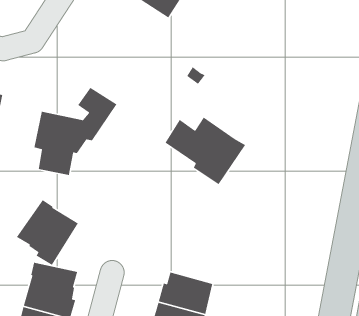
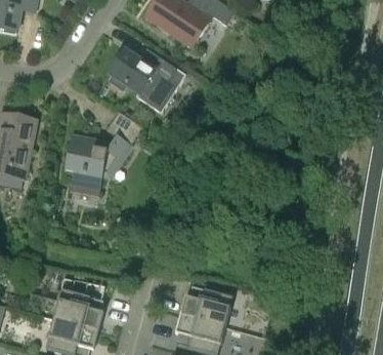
building: [164,117,246,185] -> [109,49,185,114]
building: [16,199,79,266] -> none

